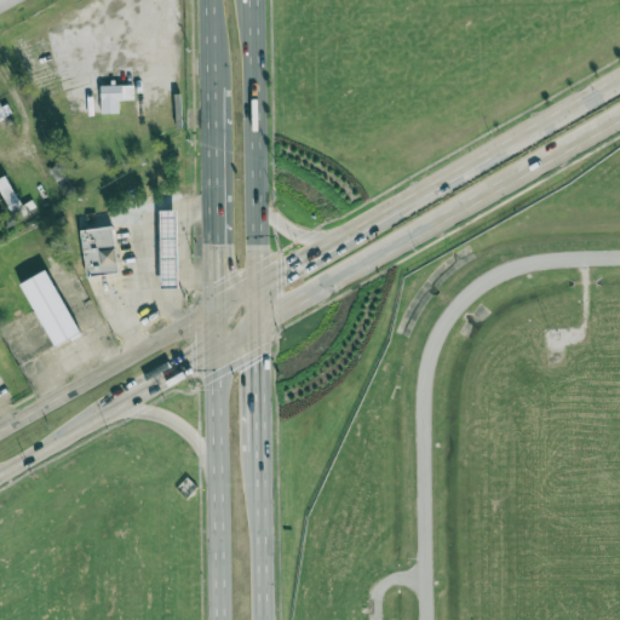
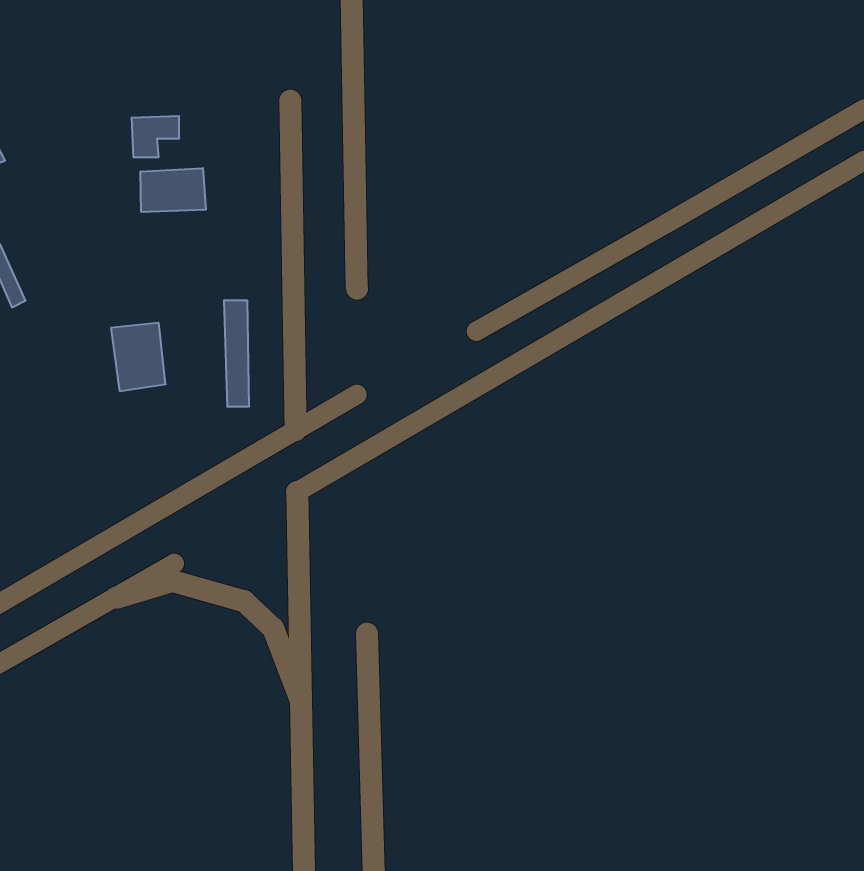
building: none -> [140,168,206,212]
building: [22,266,80,344] -> none

